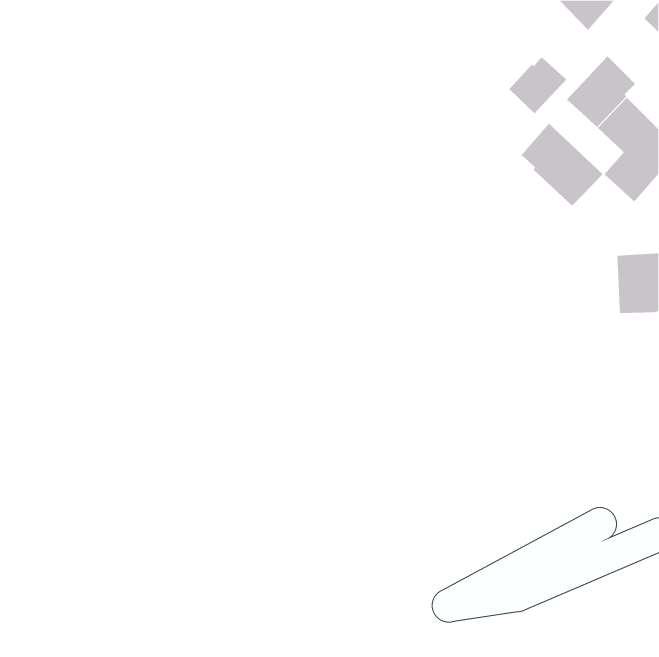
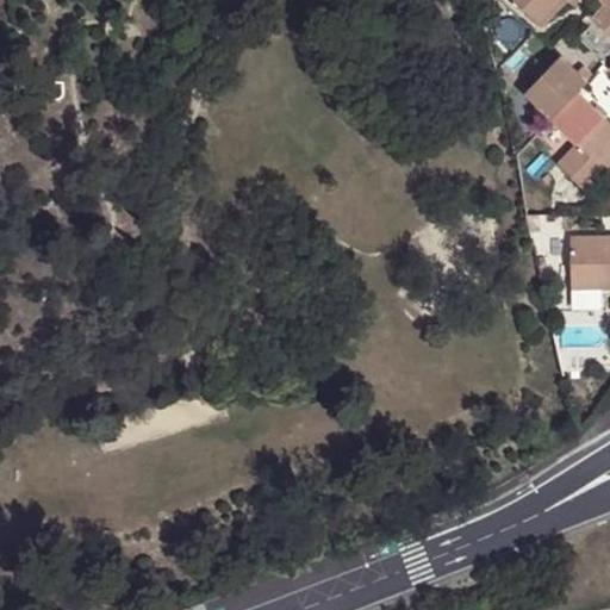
building: [508,56,567,114] -> none
building: [521,123,604,206] -> none

